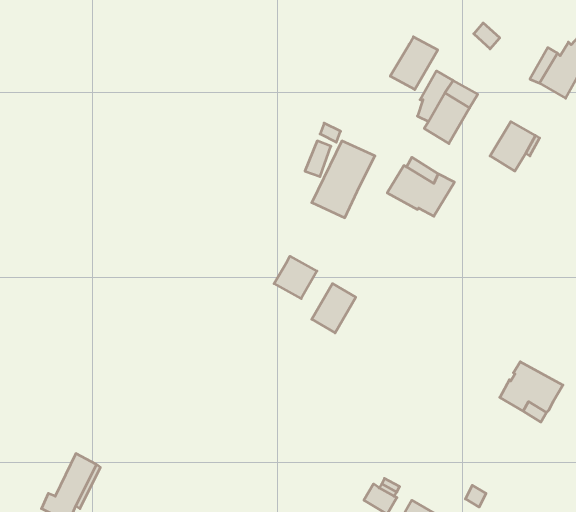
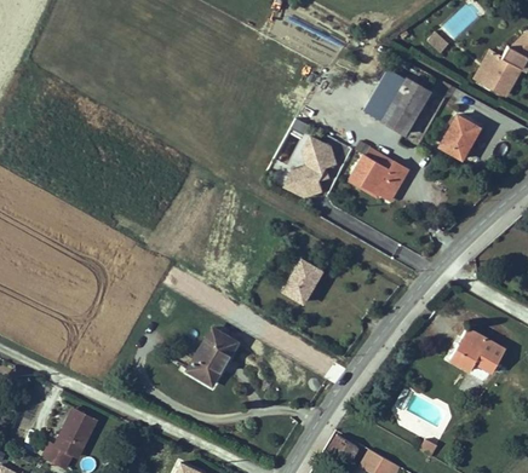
building: [390,37,438,90] -> none
building: [274,256,317,299] -> none
building: none -> [188,328,236,385]

